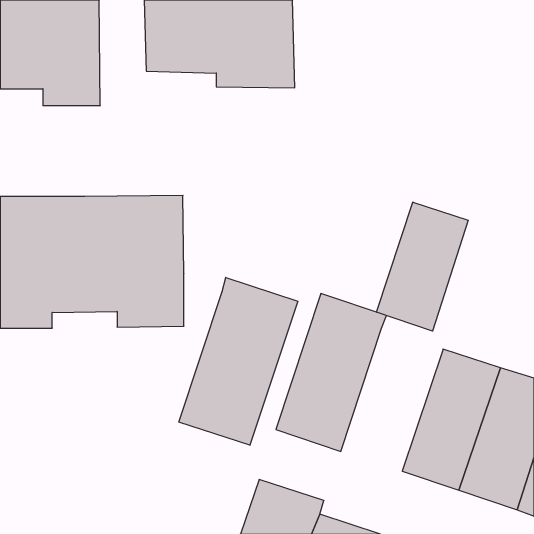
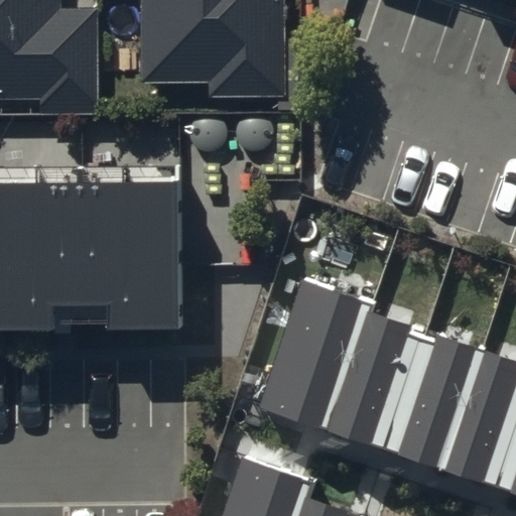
building: [377,202,468,331] -> none
building: [179,277,298,445] -> none
building: none -> [329,316,427,455]

